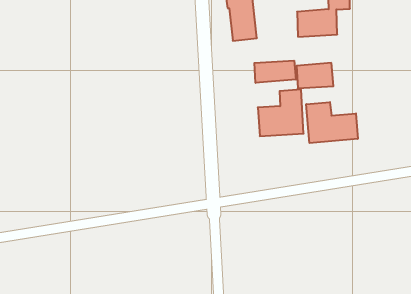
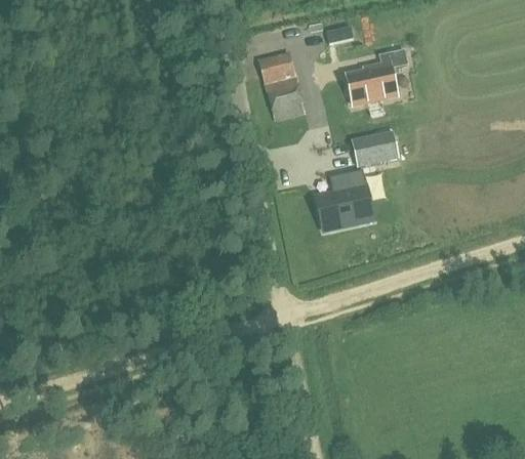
building: [254,61,296,83] -> none
building: [306,102,358,143] -> none

